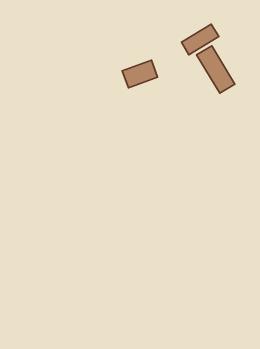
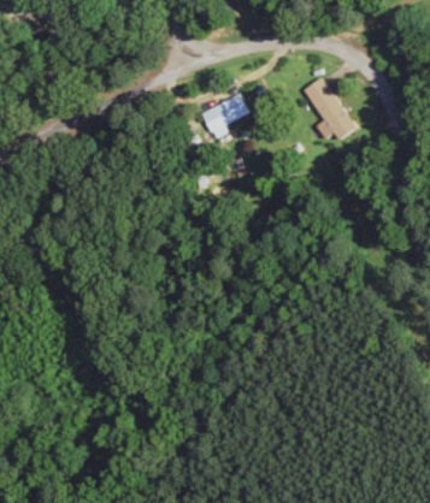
building: [182,24,219,55] -> none

